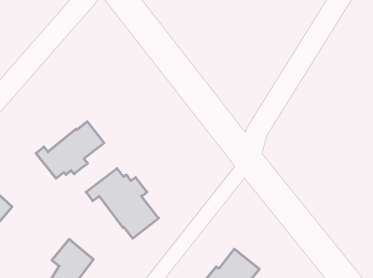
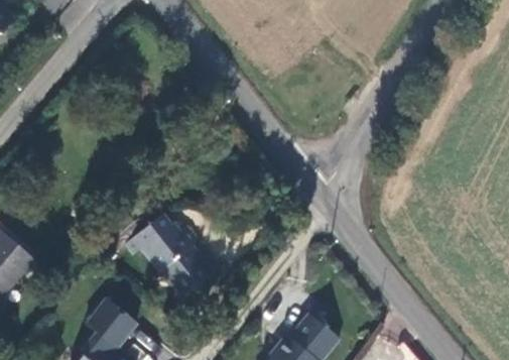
building: [36,122,104,178] -> none

